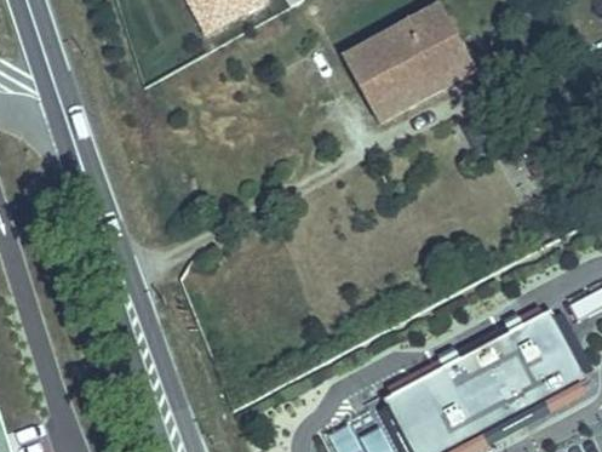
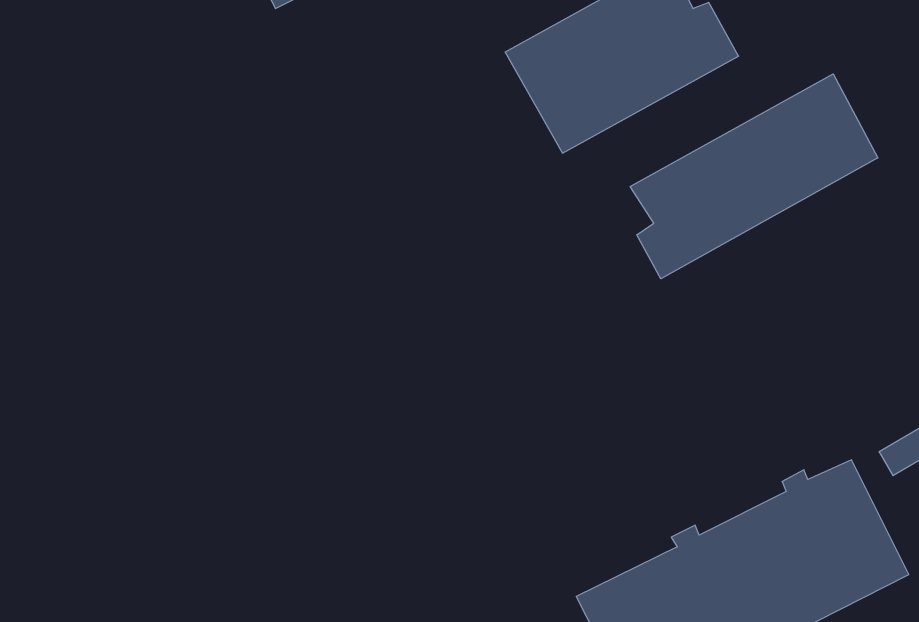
building: none -> [630,74,878,279]

